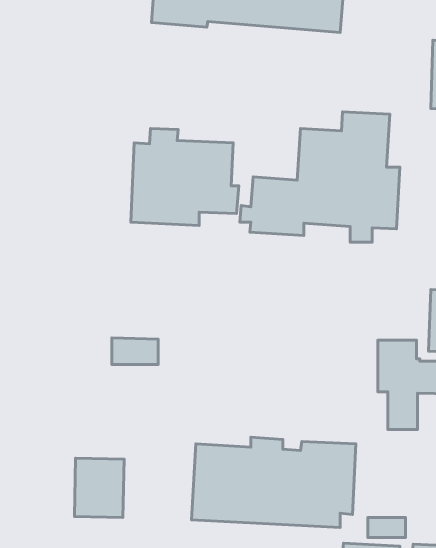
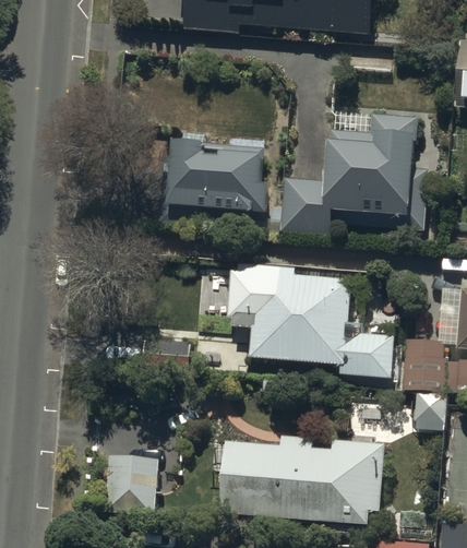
building: none -> [236,262,399,382]

